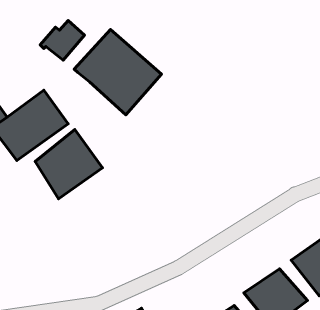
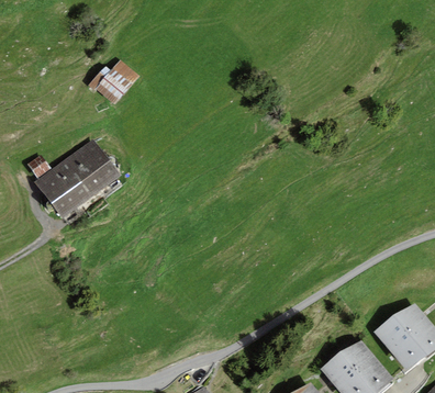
building: [74,30,161,115] -> none
building: [35,130,103,199] -> none

